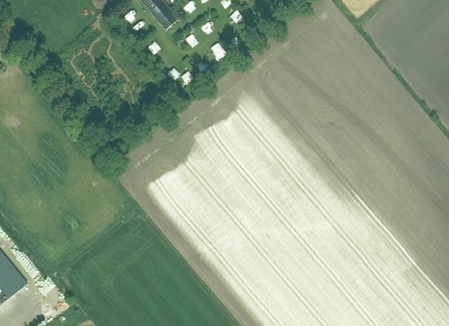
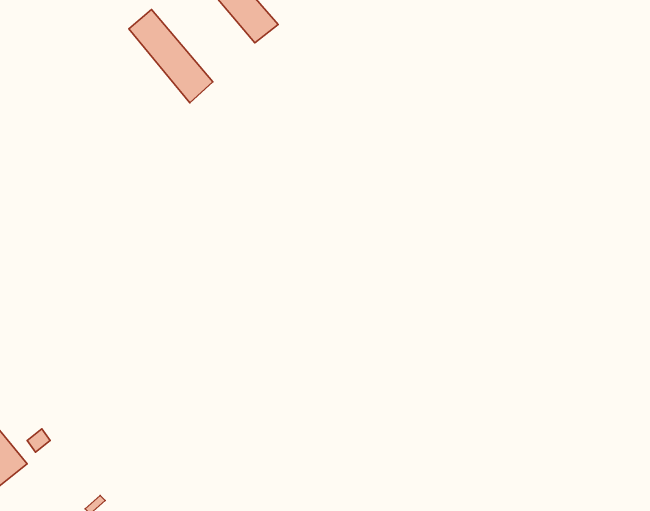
building: none -> [129,10,213,103]

